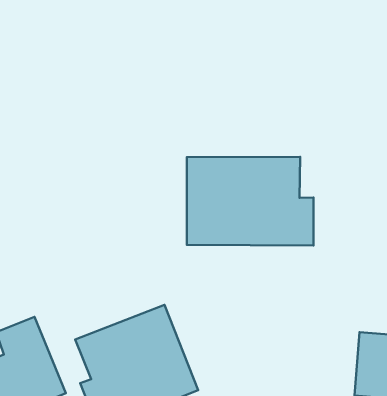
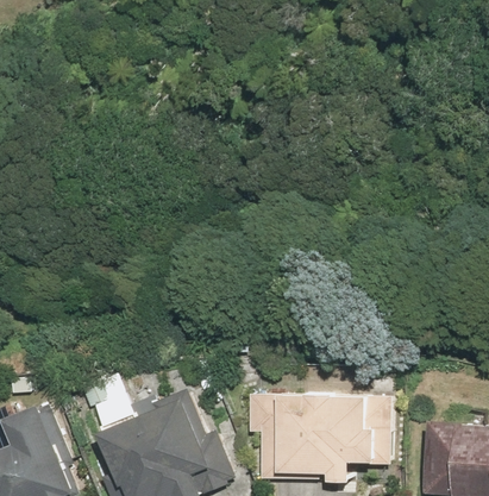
building: [187,157,314,245] -> none
building: none -> [261,393,390,482]

